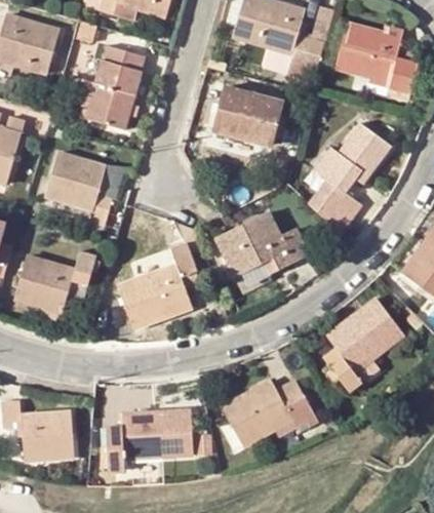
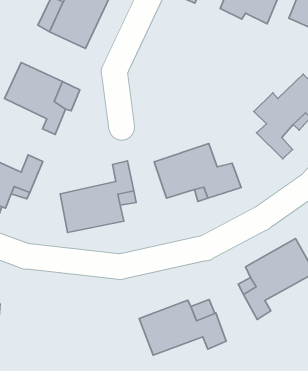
building: [213,87,283,146] -> none
building: [101,410,192,471] -> none

